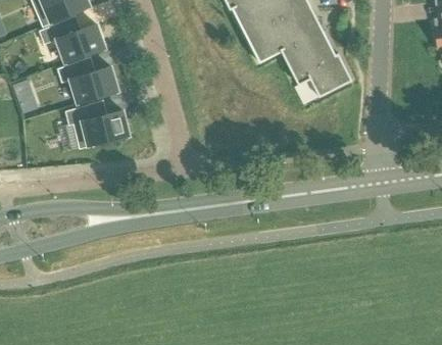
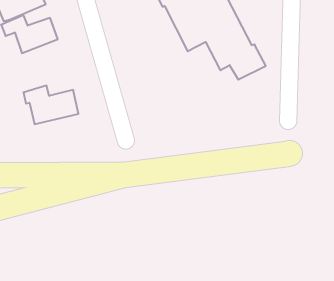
building: [56,60,118,104] -> none

